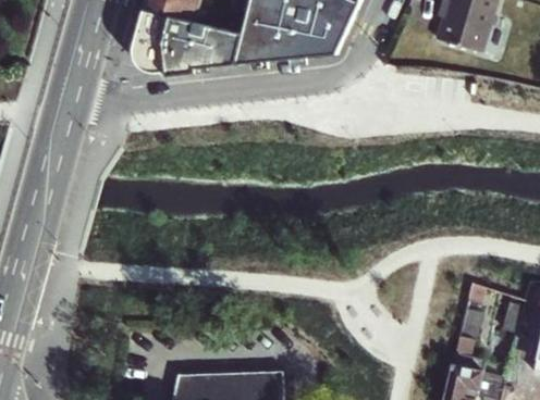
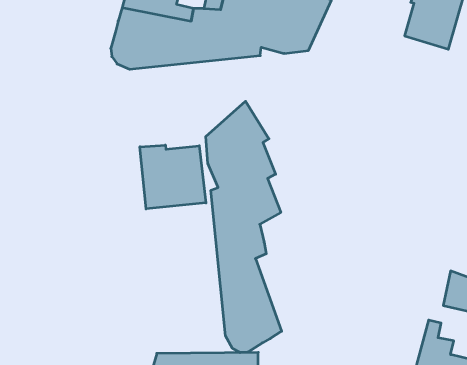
building: none -> [206,101,282,353]
building: none -> [140,145,206,209]

